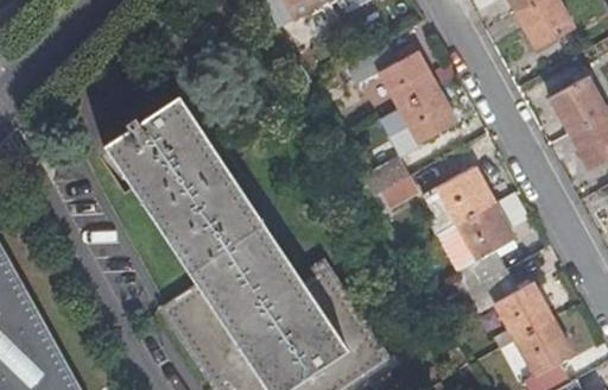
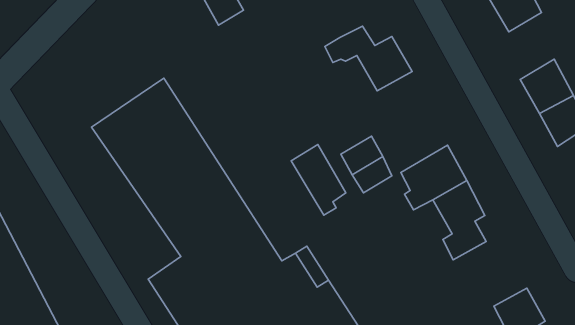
building: [399,90,455,144] -> none
building: none -> [291,145,346,215]
building: [479,269,556,336] -> none

